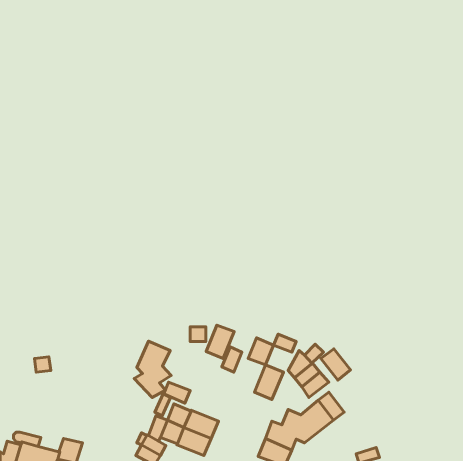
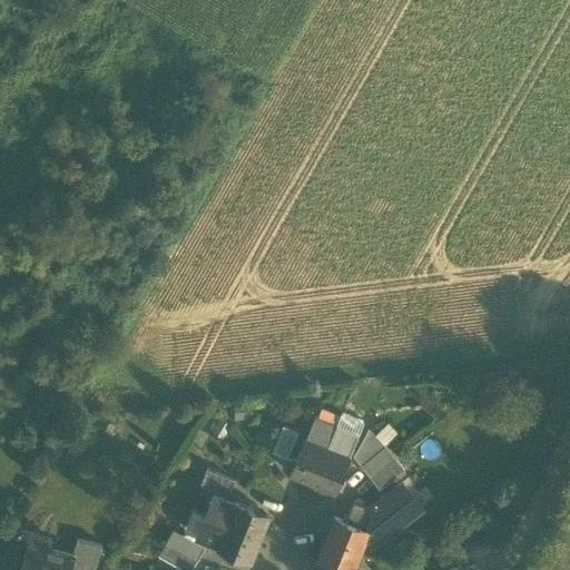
building: [206,325,234,359] -> [292,443,326,484]
building: [134,341,171,398] -> none
building: [321,349,350,380] -> none

